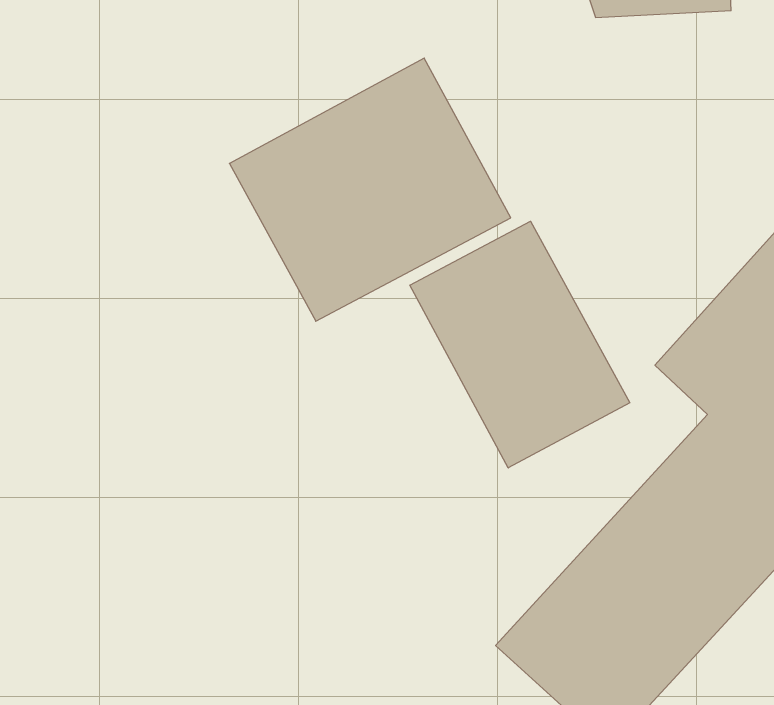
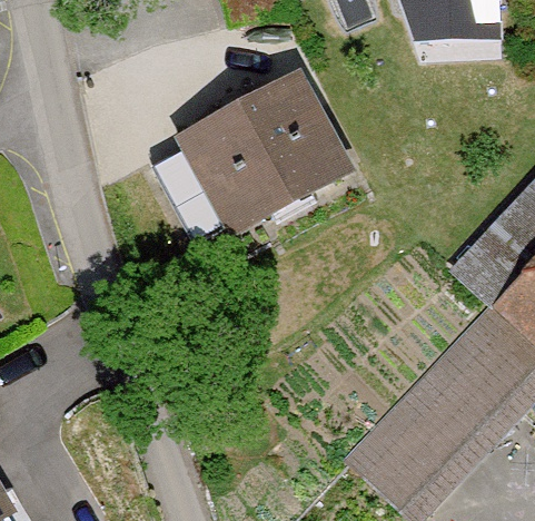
building: [410,221,630,468] -> none

